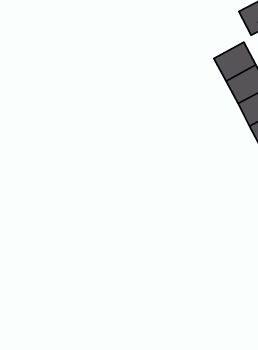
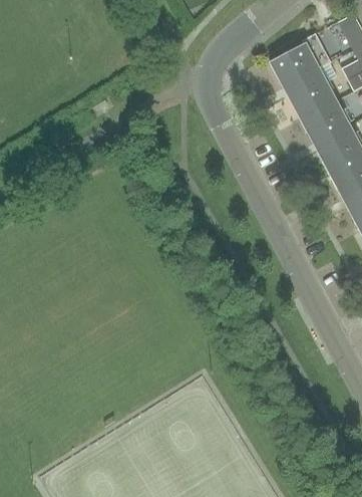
building: none -> [270,32,331,90]

